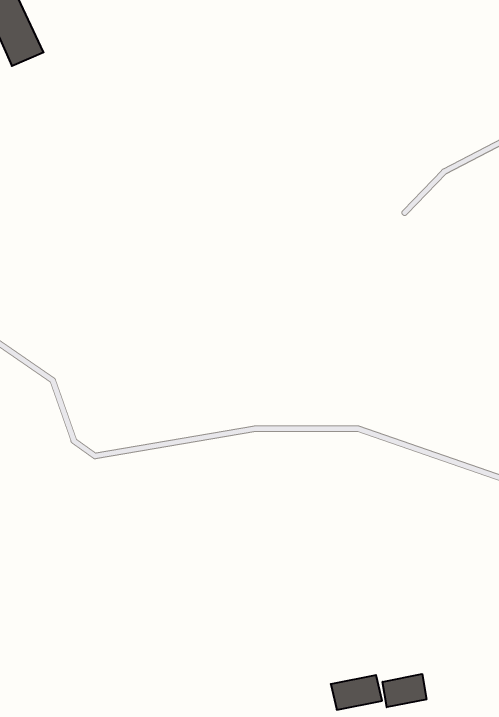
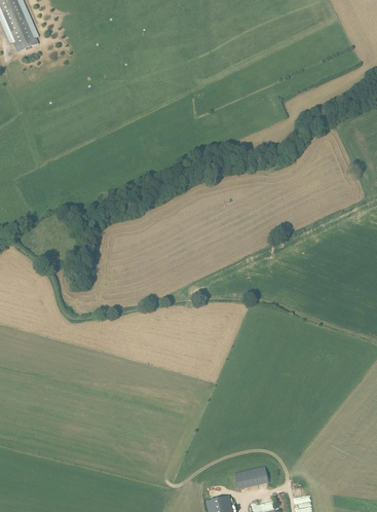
building: [383,674,426,707] -> none

